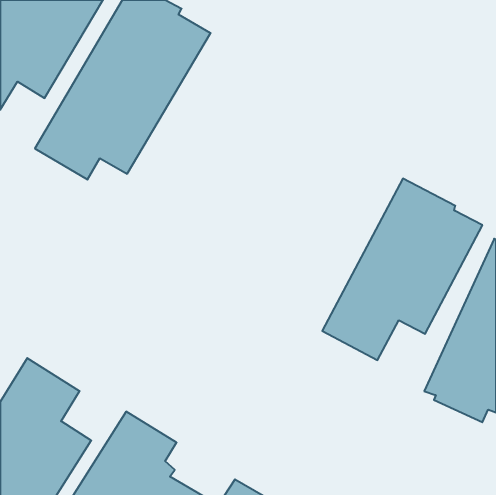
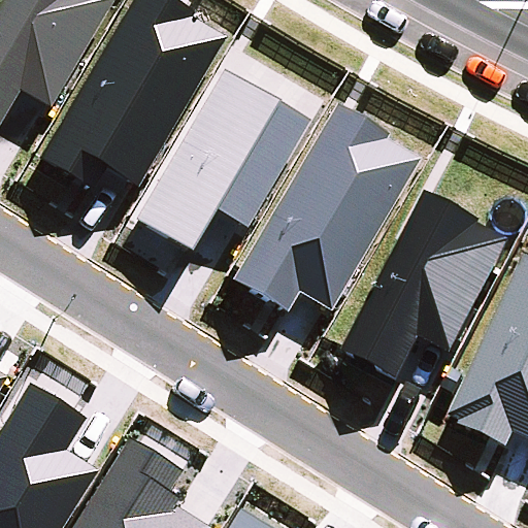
building: none -> [135,68,310,250]
building: none -> [231,102,421,312]

